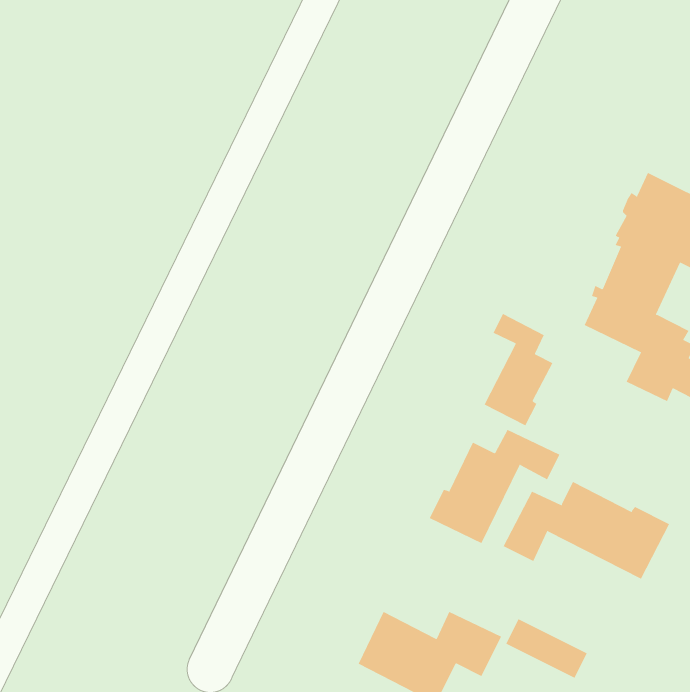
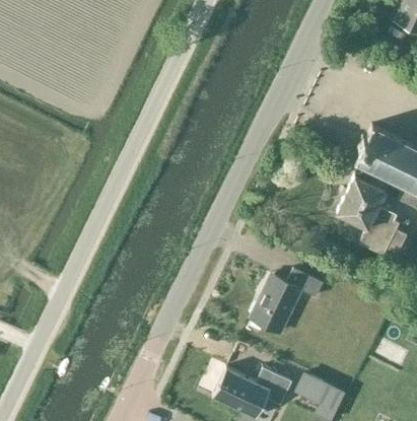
building: [484,313,553,426] -> none
building: [503,481,670,579] -> none

